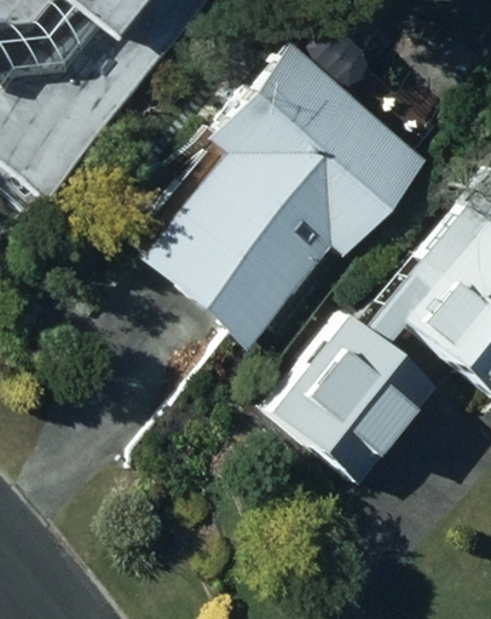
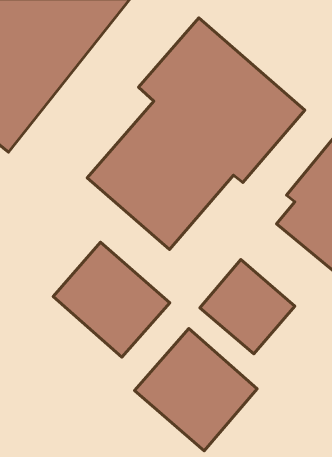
building: none -> [53,242,170,357]
building: none -> [135,329,257,451]

